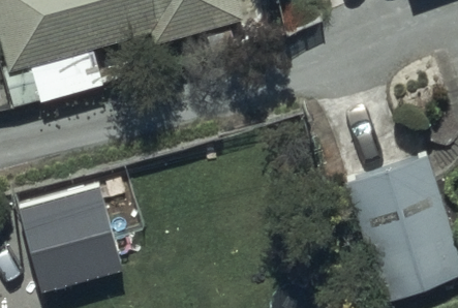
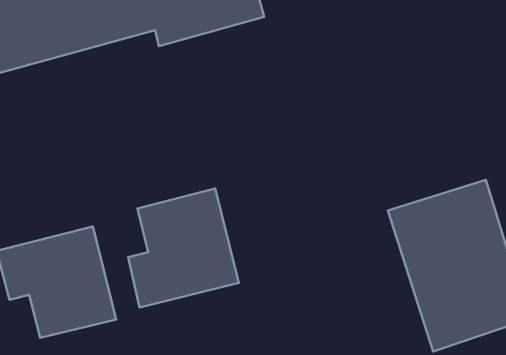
building: none -> [128,188,239,308]

